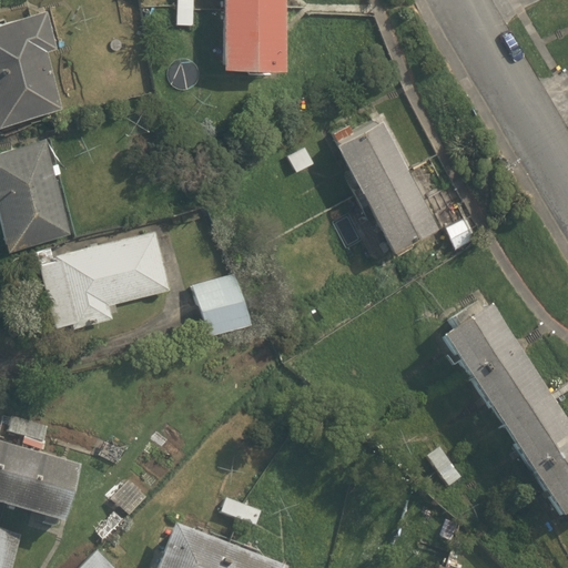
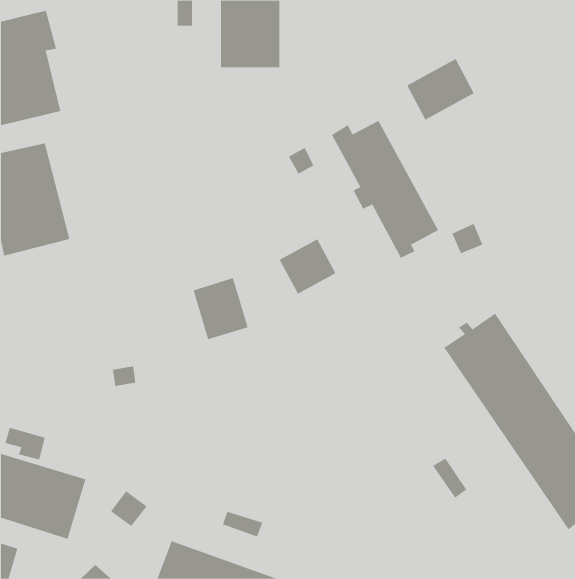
building: none -> [406,58,475,120]
building: [40,230,170,326] -> none
building: none -> [279,238,336,295]

